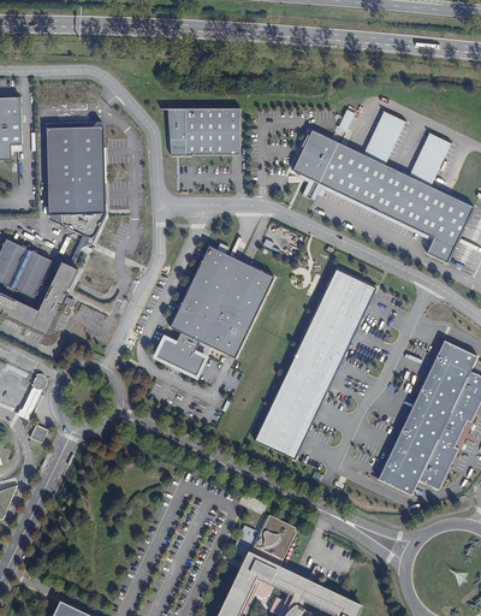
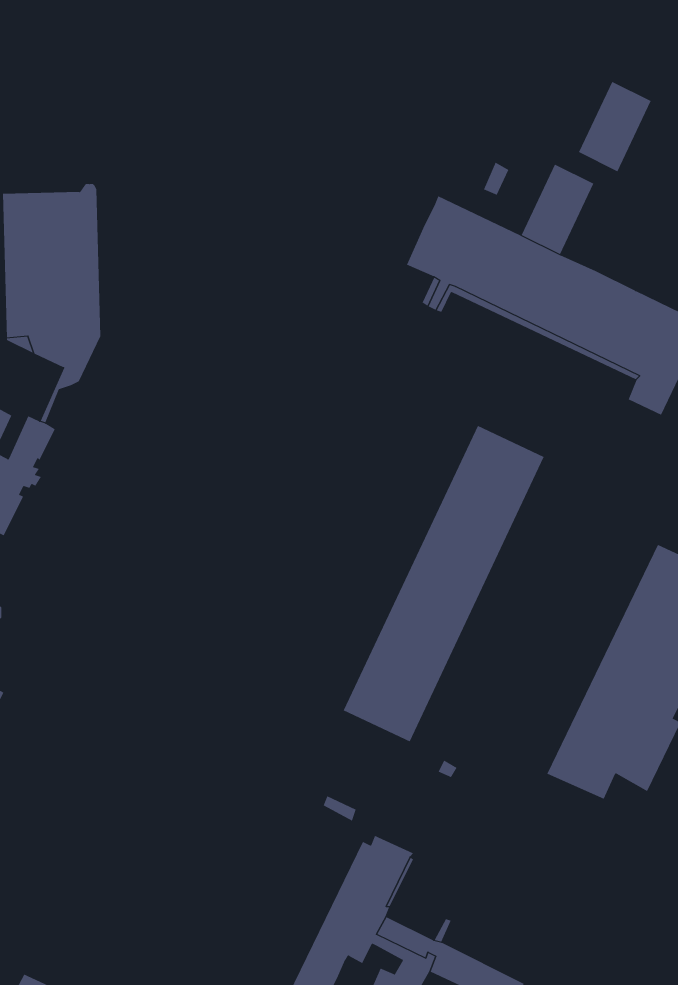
building: [159,103,239,154] -> none
building: [406,131,451,186] -> [578,81,651,172]
building: [150,245,272,380] -> none

